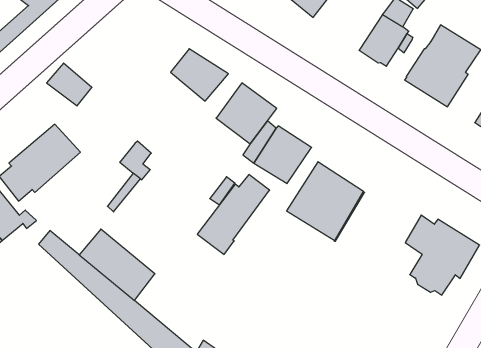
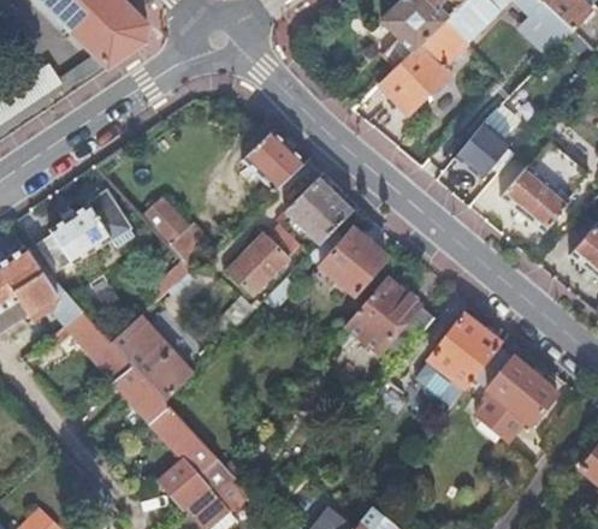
building: [47,63,92,106] -> [141,195,190,244]
building: [197,175,270,254] -> [213,225,300,309]
building: none -> [414,316,499,405]

